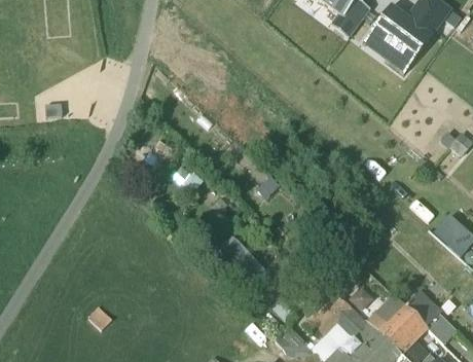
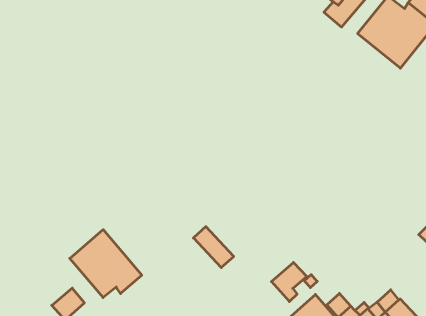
building: none -> [70,230,142,298]
building: none -> [271,262,307,302]

